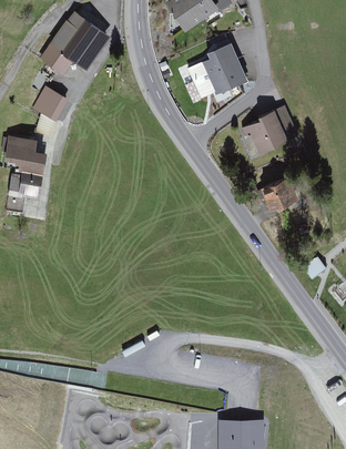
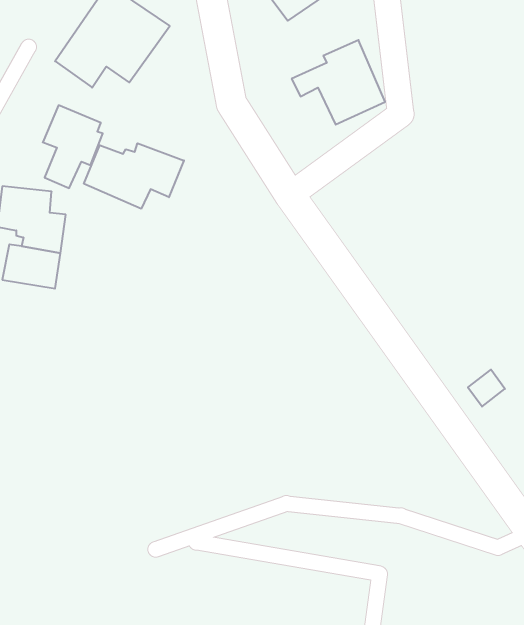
building: [241,105,296,155] -> none
building: none -> [84,143,184,209]
building: [262,178,298,215] -> none

